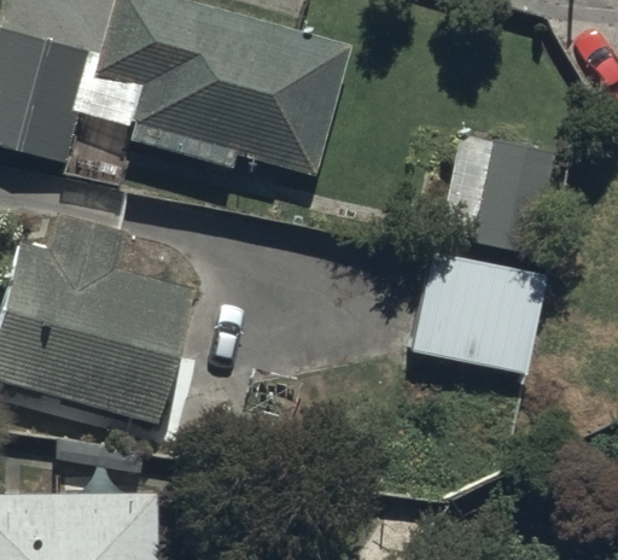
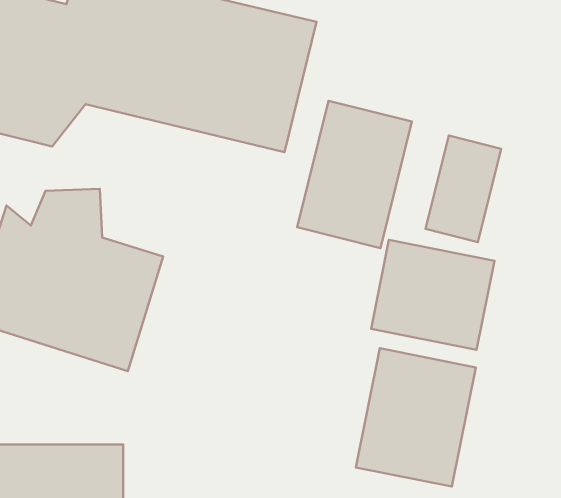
building: none -> [297,101,412,248]
building: none -> [356,348,476,487]

